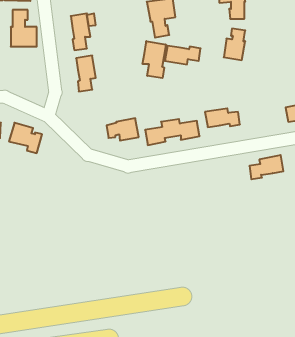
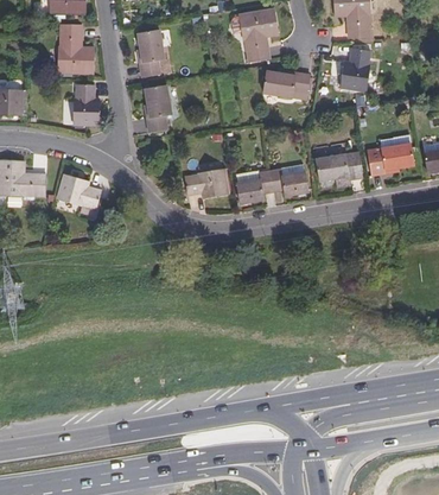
building: [143,41,166,78] -> none
building: none -> [72,85,98,125]
building: [249,155,283,179] -> [368,142,413,174]

